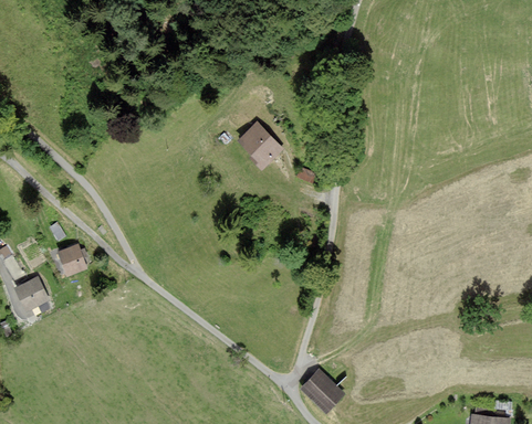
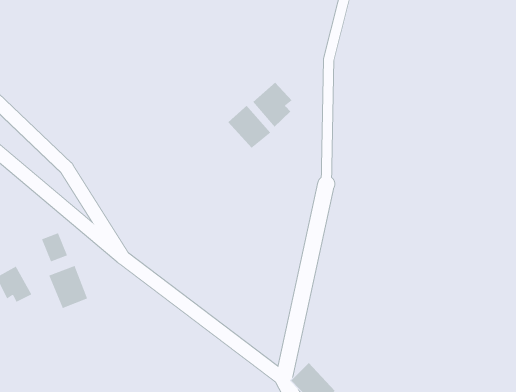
building: none -> [252,82,292,127]
building: none -> [48,265,88,309]

